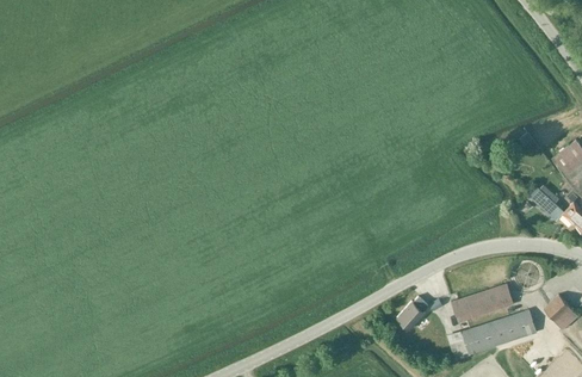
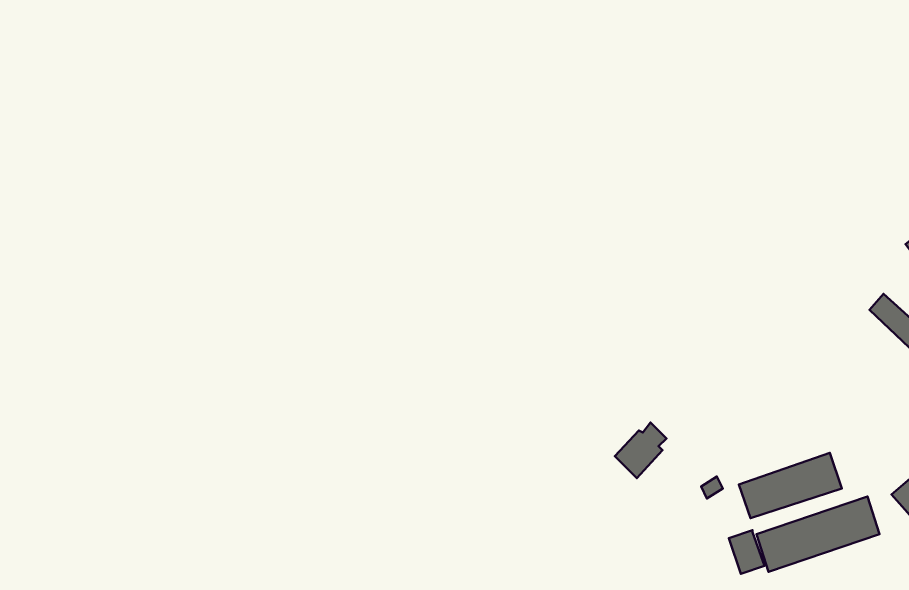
building: [397,297,428,330] -> [615,422,666,478]

